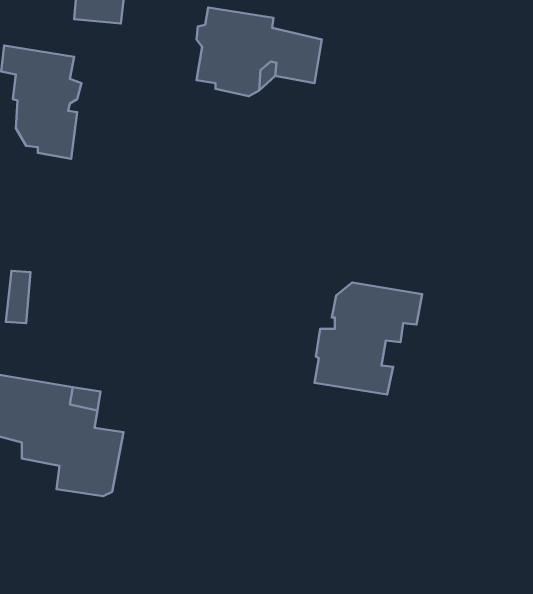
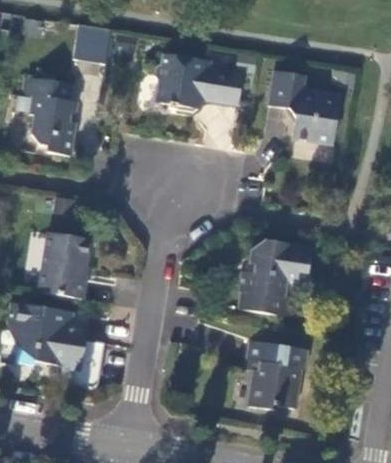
building: none -> [267,70,341,144]
building: none -> [38,232,90,299]
building: none -> [243,341,304,411]

